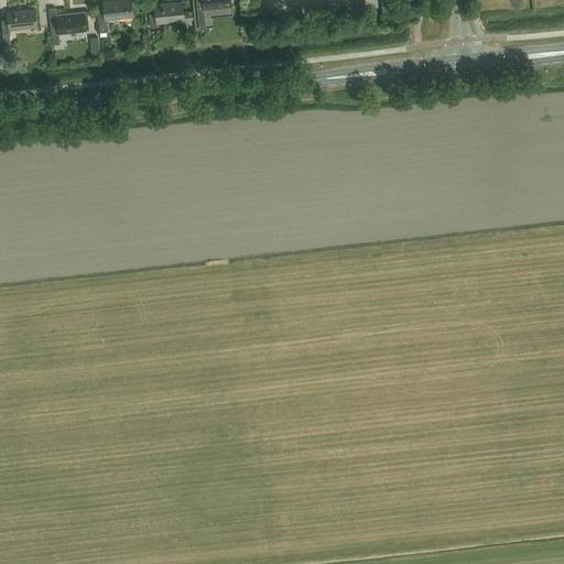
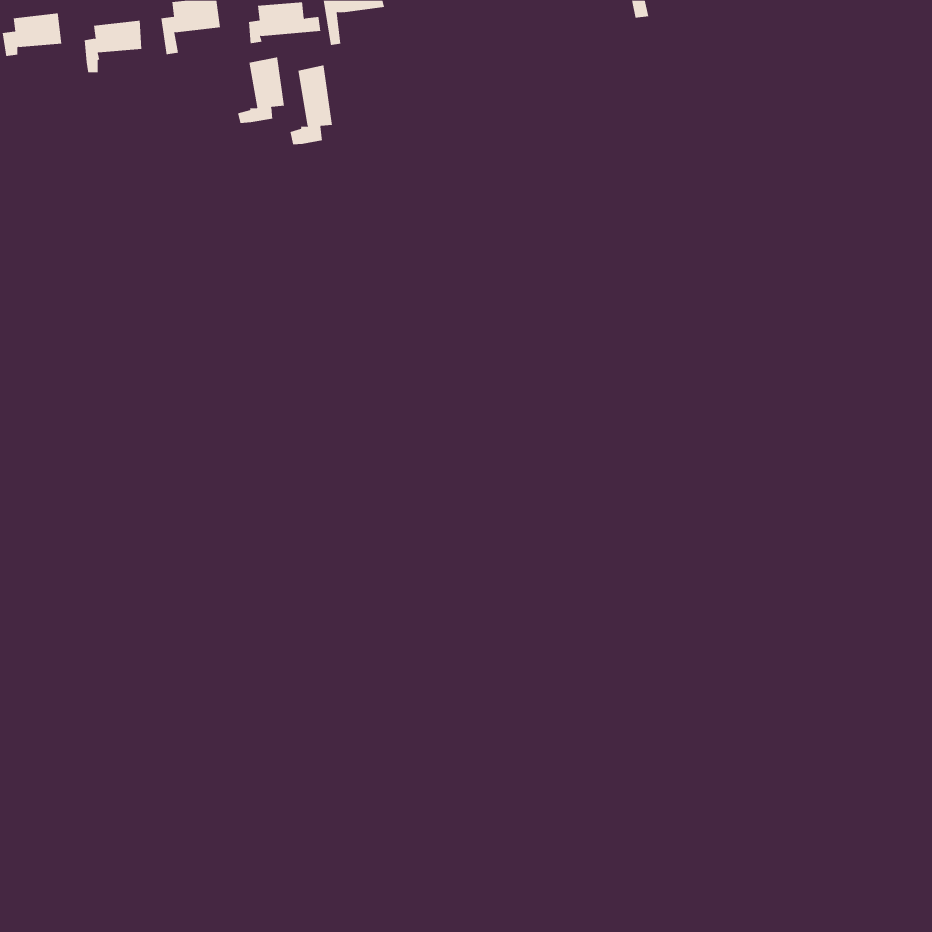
building: none -> [237,57,284,124]
building: none -> [290,64,333,145]

